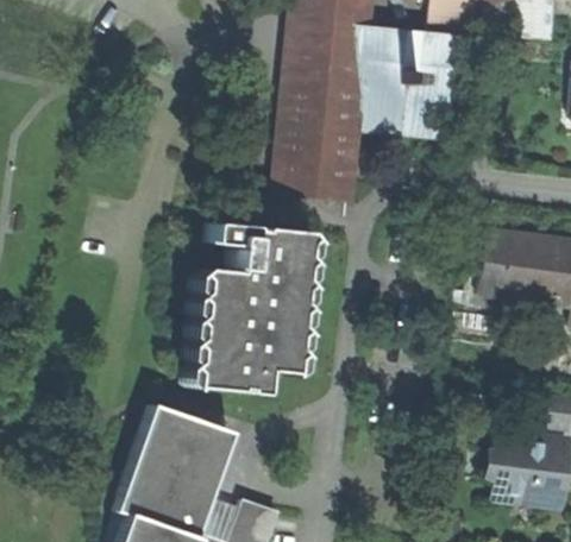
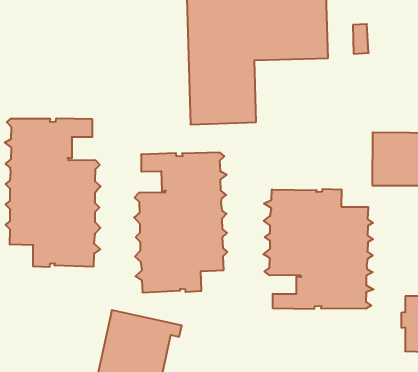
building: none -> [5,118,101,267]
building: none -> [263,189,374,309]

